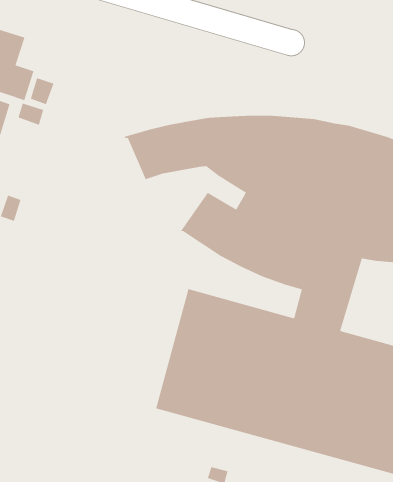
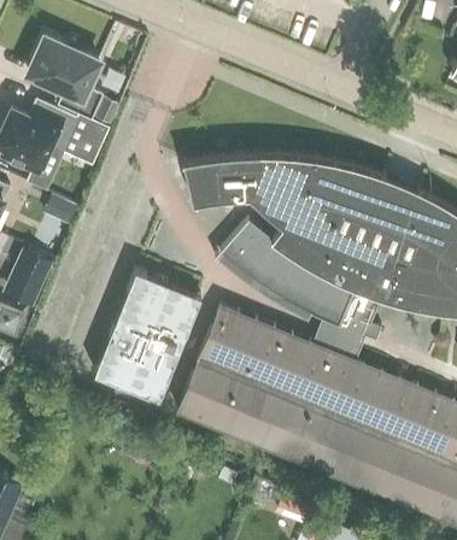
building: none -> [95,276,201,404]

